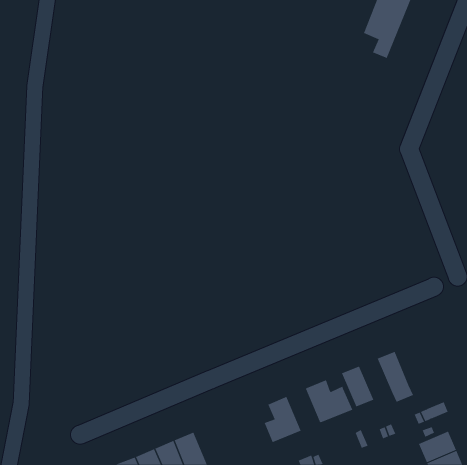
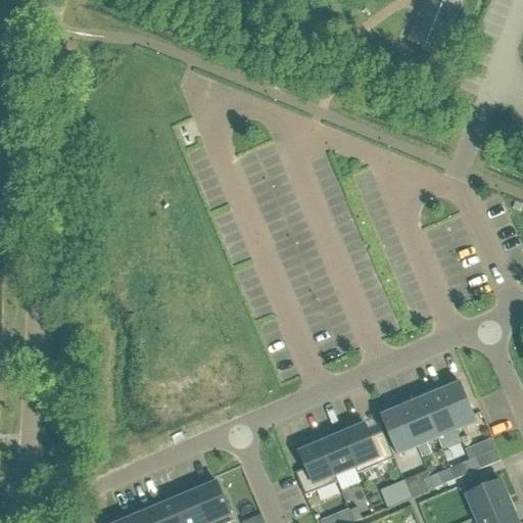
building: none -> [439,382,475,428]
building: none -> [399,398,435,444]
building: none -> [319,432,355,479]

